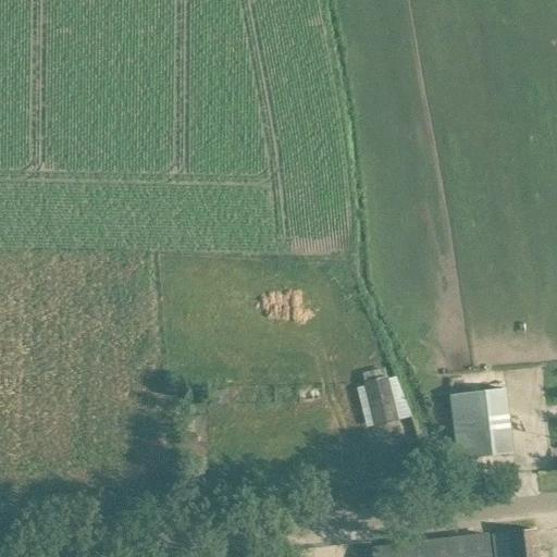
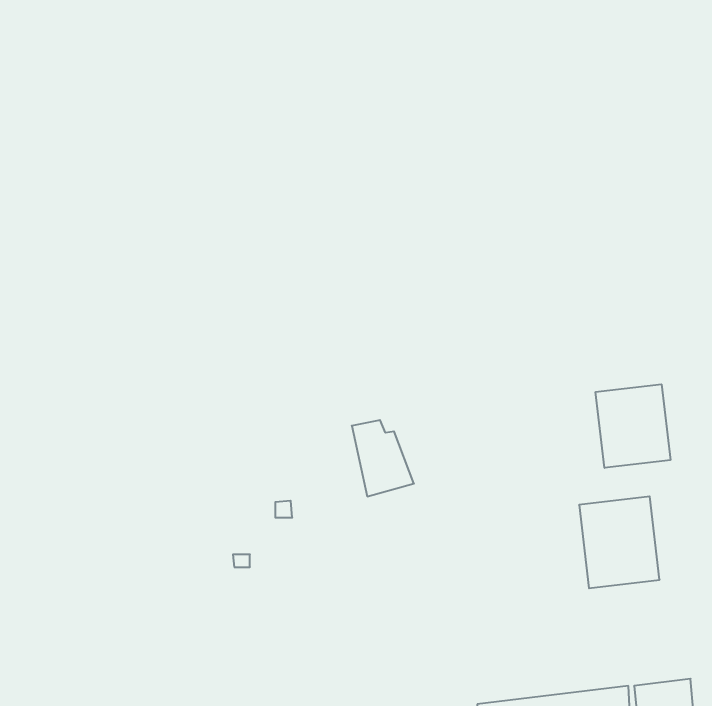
building: none -> [596,384,670,468]
building: [362,369,410,428] -> [352,420,414,496]

